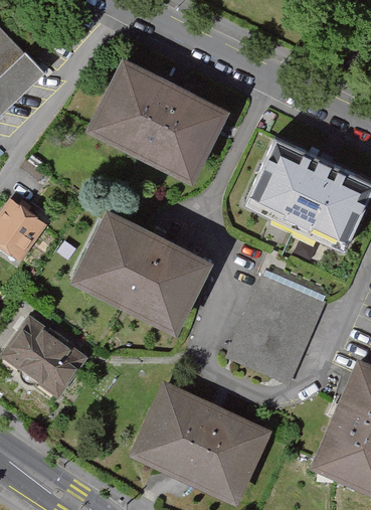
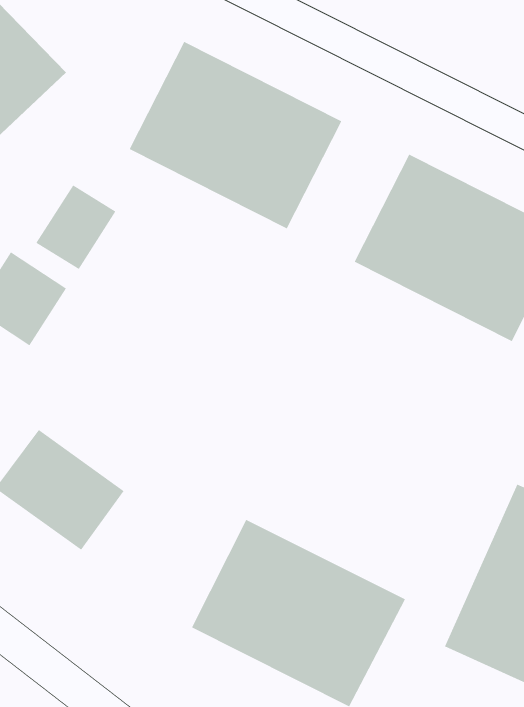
building: none -> [35,184,116,270]
building: [69,205,215,333] -> none
building: [225,278,325,387] -> none

